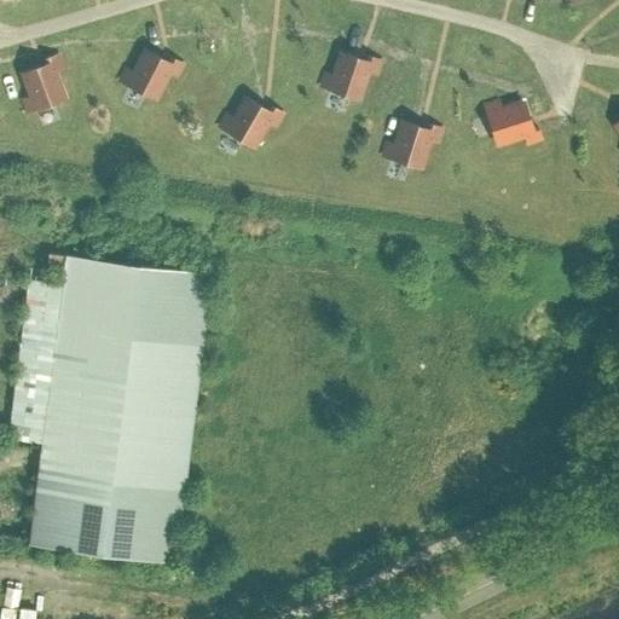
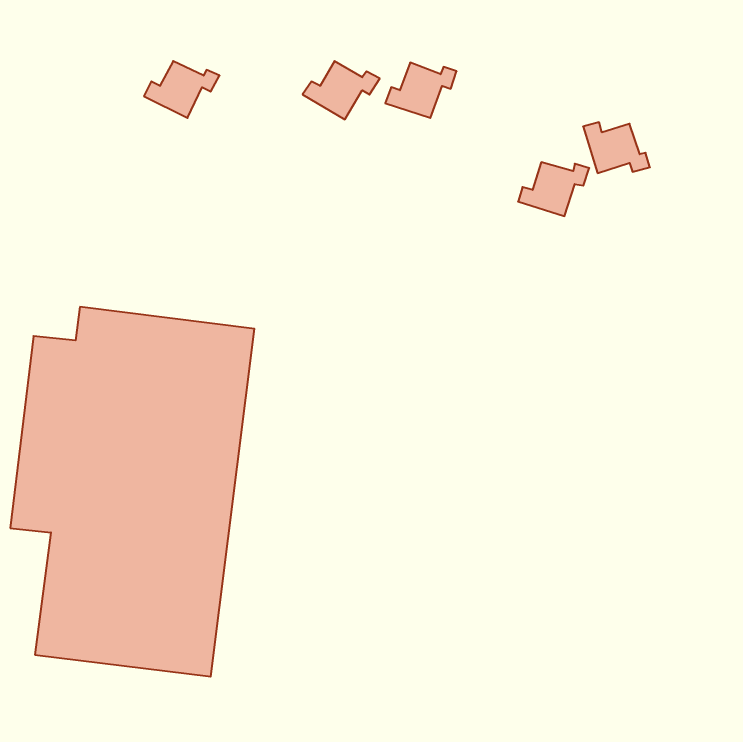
building: [22,56,64,112] -> none
building: [219,99,283,147] -> [303,61,380,119]
building: [382,123,441,168] -> [518,162,589,216]

